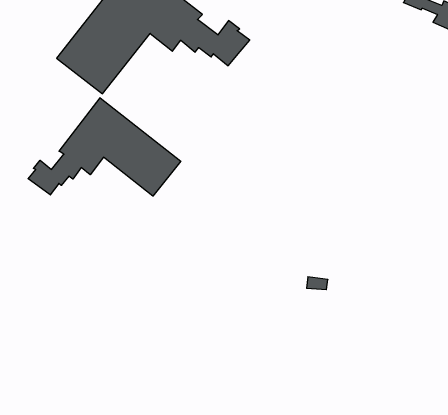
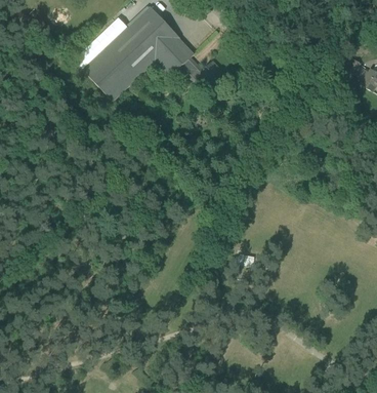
building: [28,98,181,196] -> none

